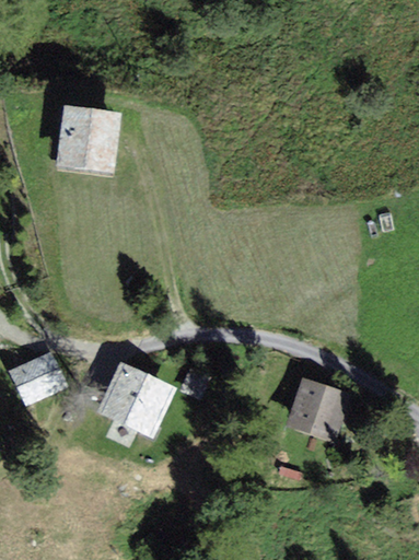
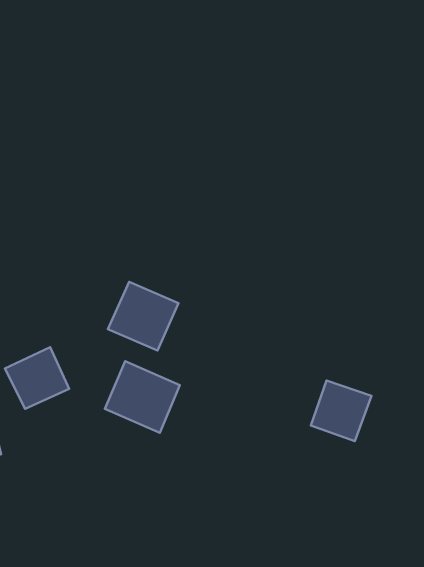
building: [62,107,113,168] -> none
building: none -> [108,282,179,351]

